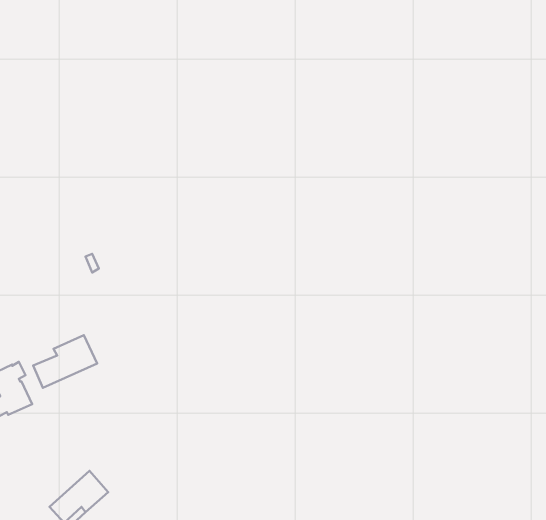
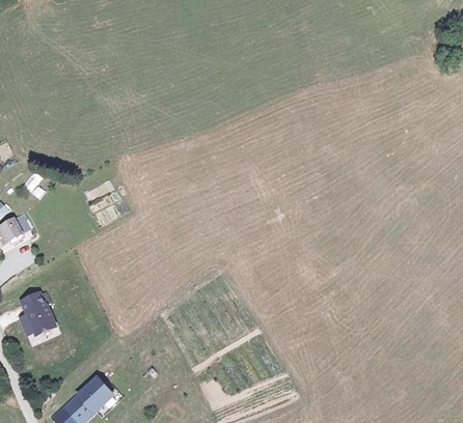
building: [33,335,97,388] -> none

